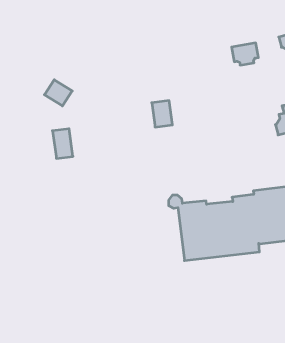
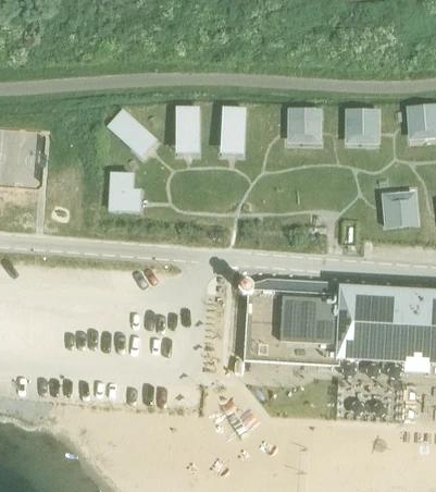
building: none -> [287,109,322,133]
building: none -> [177,109,199,139]
building: [152,101,172,127] -> [222,109,245,140]

